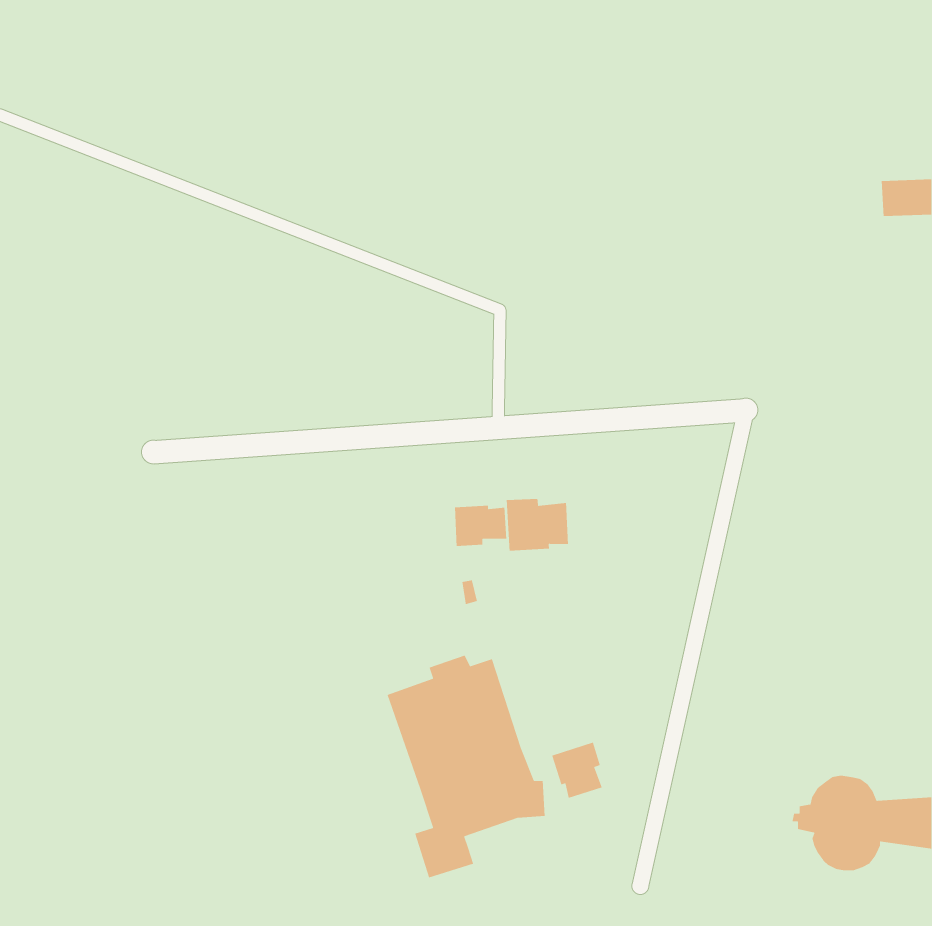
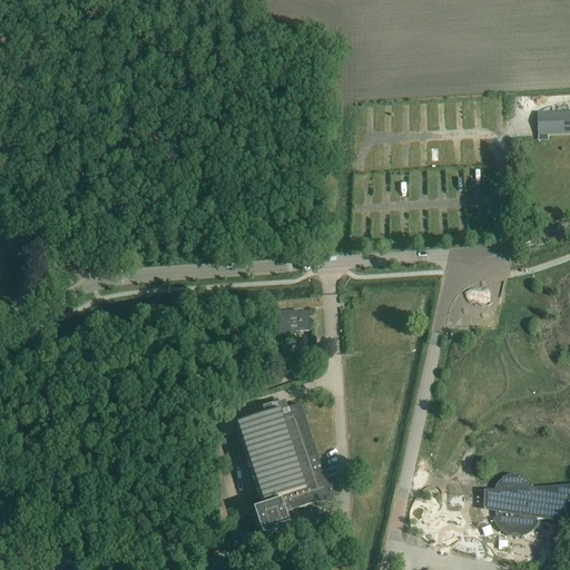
building: [506,498,569,551] -> none
building: [551,741,603,799] -> none

